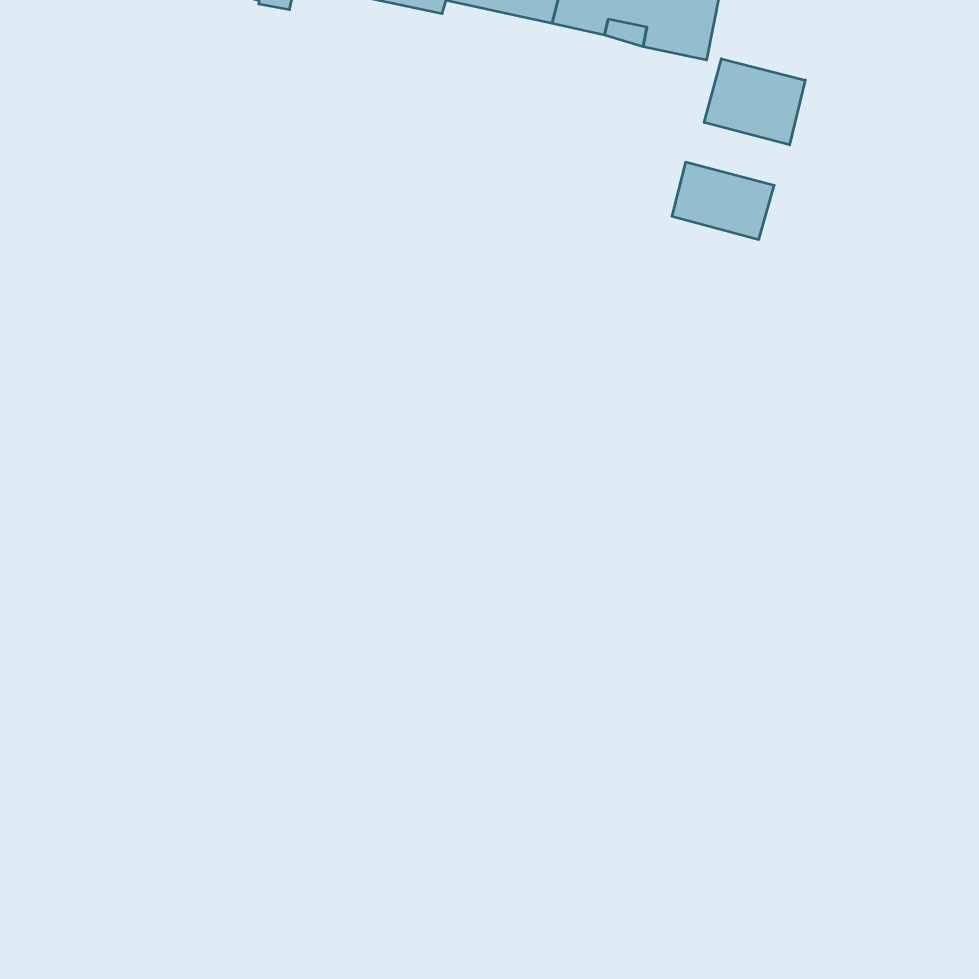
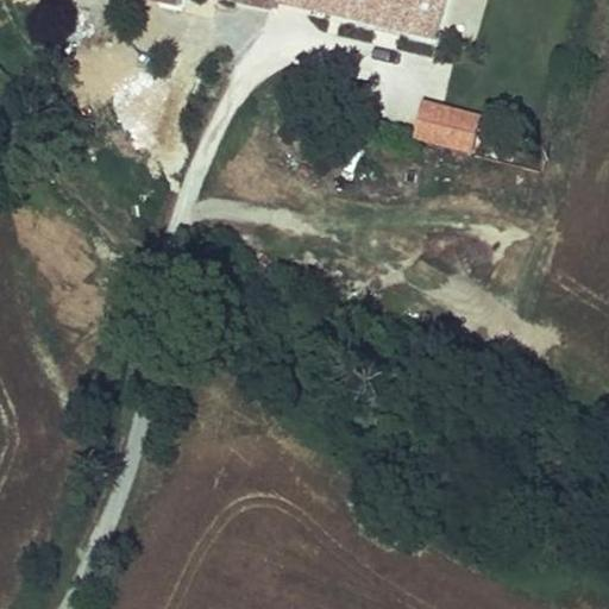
building: [704,59,805,145] -> none

